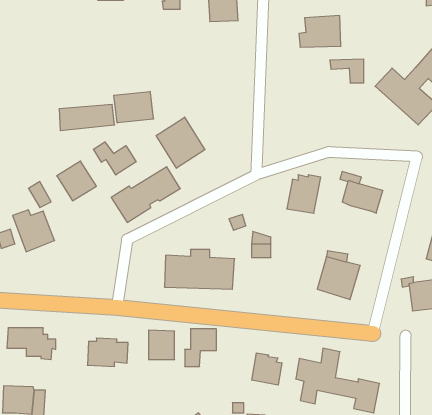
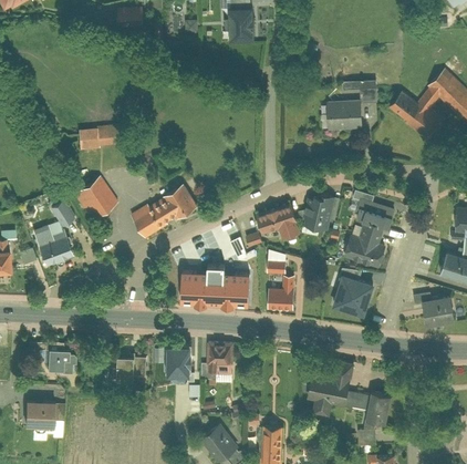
building: [299,16,341,47] -> [321,97,362,128]
building: [114,91,153,123] -> none
building: [156,117,205,168] -> none
building: [93,142,136,175] -> none
building: none -> [257,203,300,238]
building: none -> [344,223,386,268]
building: none -> [268,276,297,311]
building: [252,353,282,385] -> none

